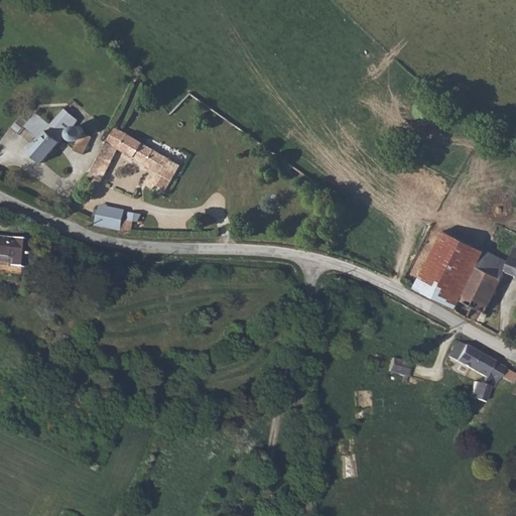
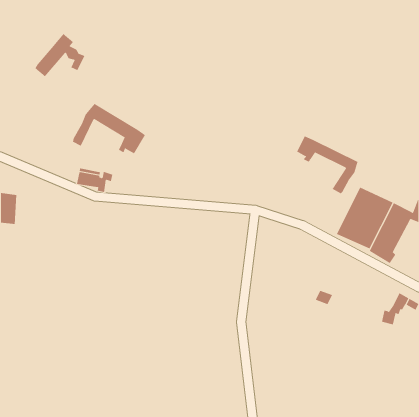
building: [28,107,91,161] -> [34,33,85,77]
building: none -> [296,135,358,194]
building: [446,340,491,375] -> none

